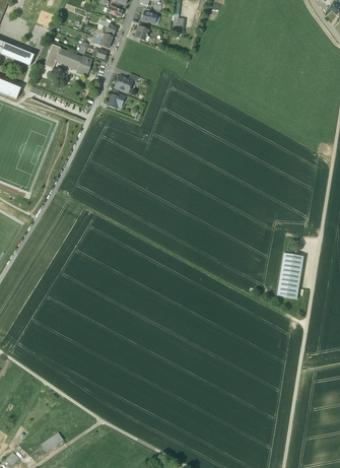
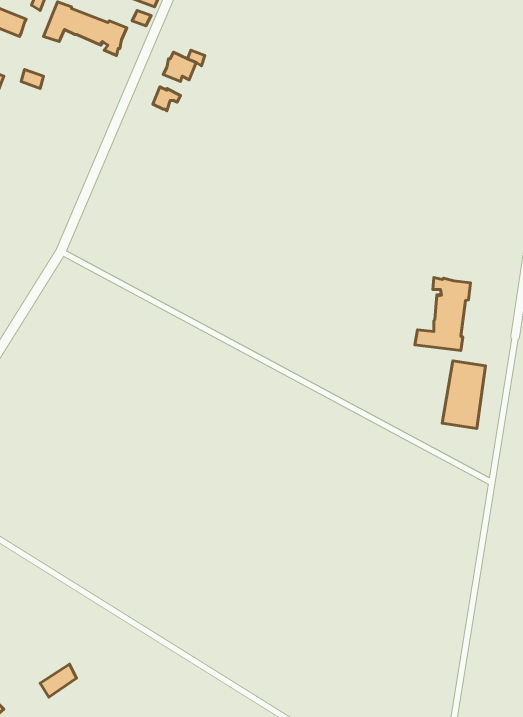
building: none -> [415,277,470,351]

